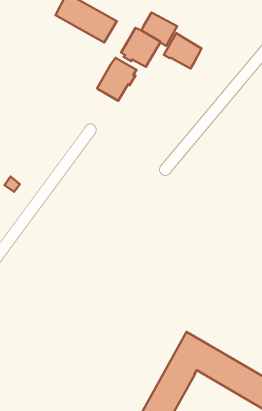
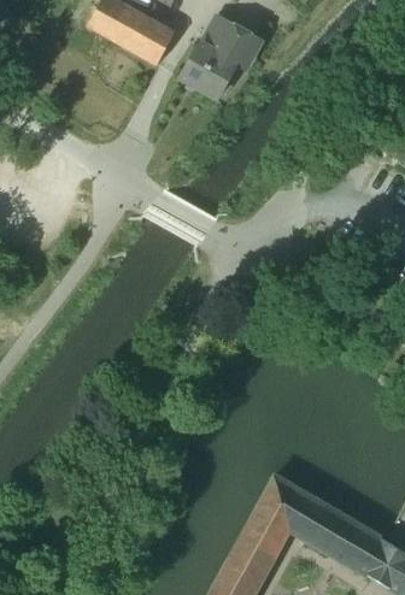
building: [164,33,202,68] -> none
building: [97,58,136,101] -> none

